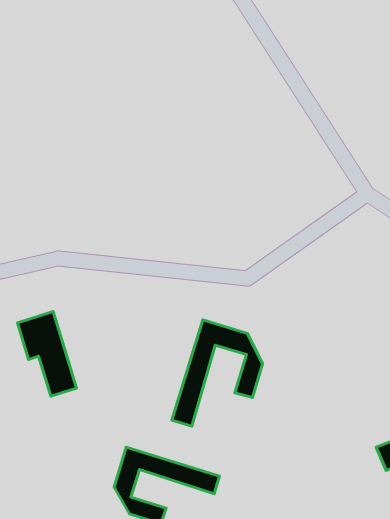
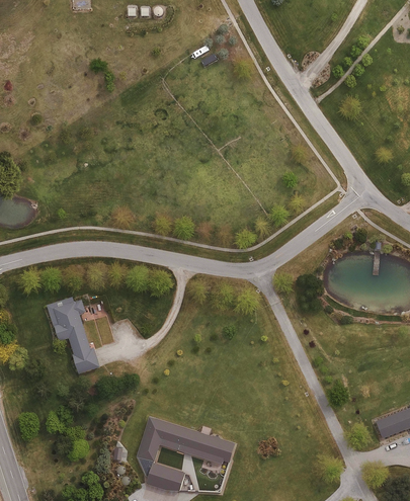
building: [172,320,263,426] -> none

